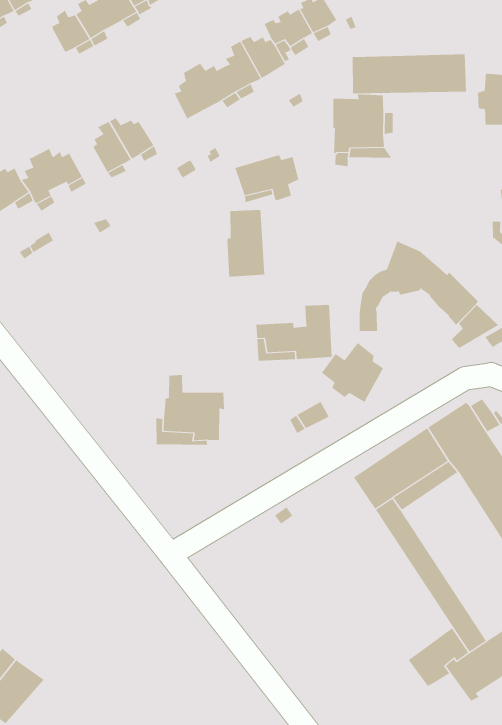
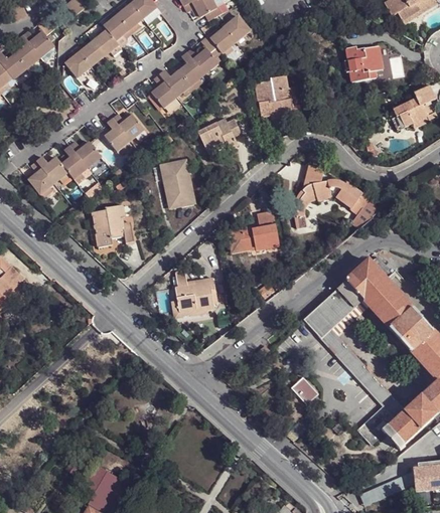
building: [352,54,467,94] -> none
building: [227,210,265,277] -> [164,161,193,207]
building: none -> [93,204,136,246]
building: [321,342,384,403] -> none
building: none -> [290,375,318,403]

